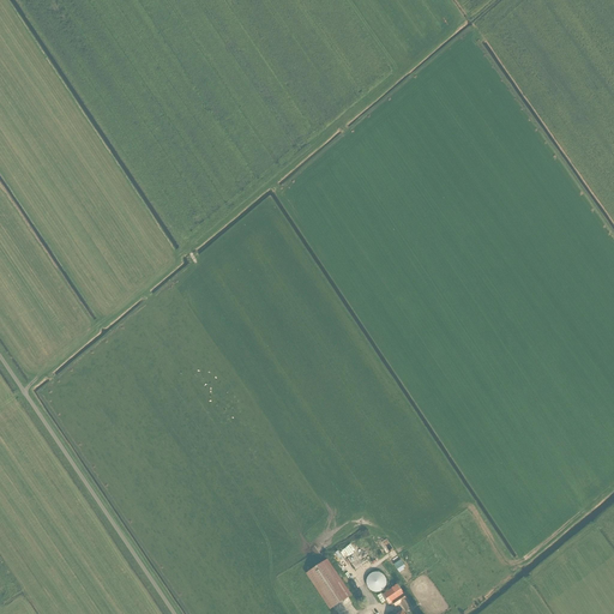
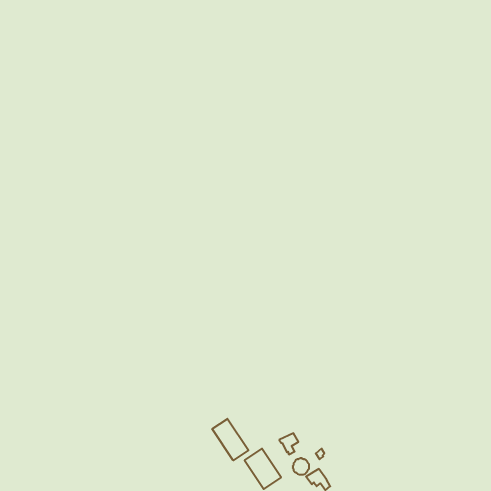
building: none -> [212,419,248,460]

